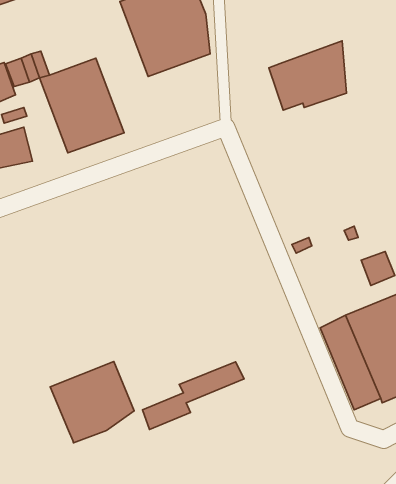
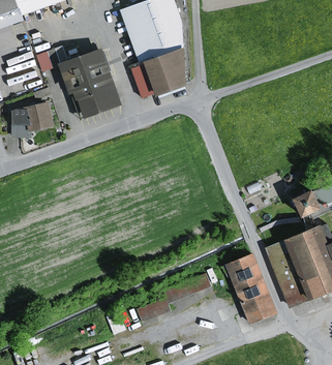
building: [269,41,346,110] -> [130,48,187,98]
building: none -> [225,254,274,324]
building: [50,361,134,443] -> none

